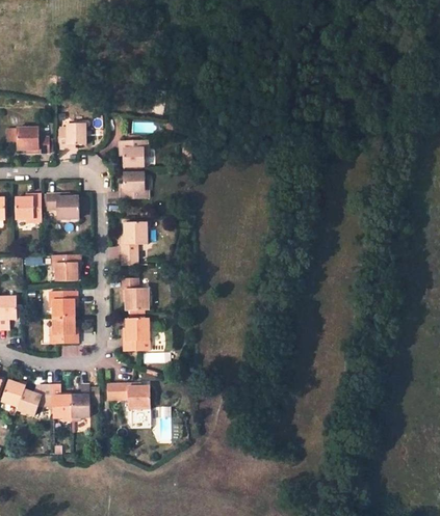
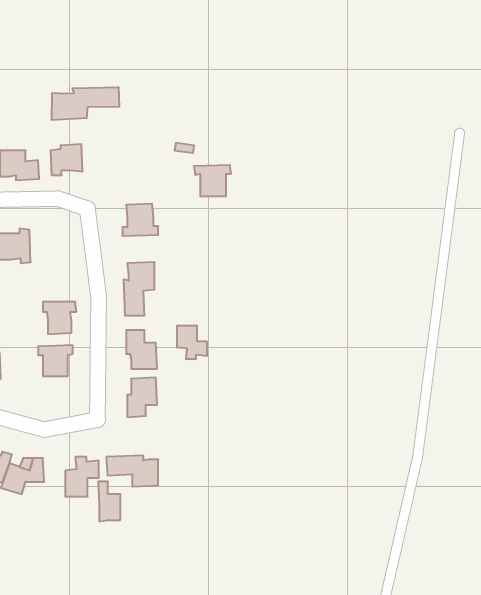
building: none -> [52,87,119,120]
building: [117,140,148,166] -> [194,165,231,196]
building: [46,193,79,218] -> none
building: none -> [177,325,207,359]
building: [49,317,78,344] -> none
building: [52,385,71,418] -> [98,482,120,521]

